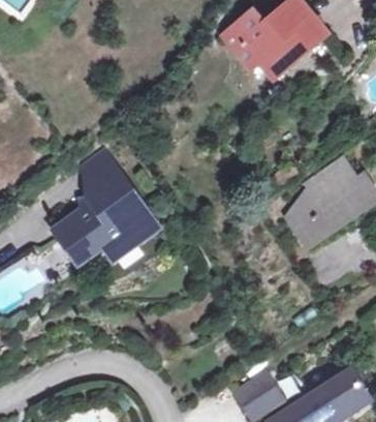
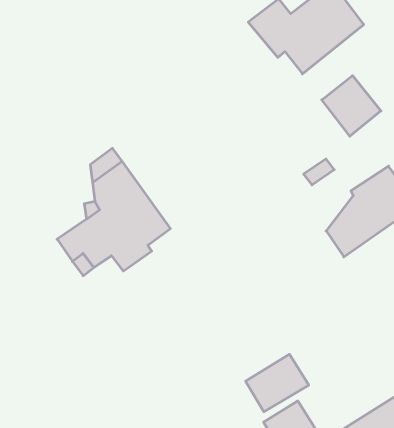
building: none -> [322,76,381,136]
building: none -> [246,354,309,412]

